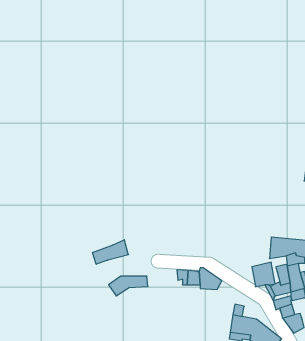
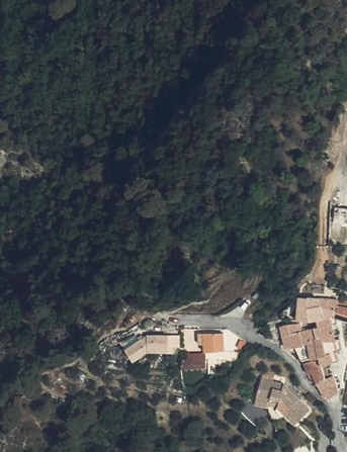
building: [93,240,128,264] -> none
building: none -> [180,349,205,367]

